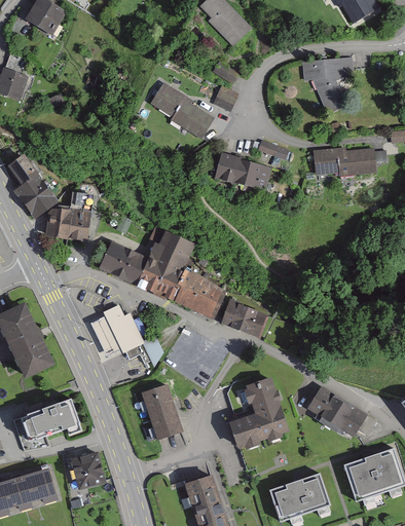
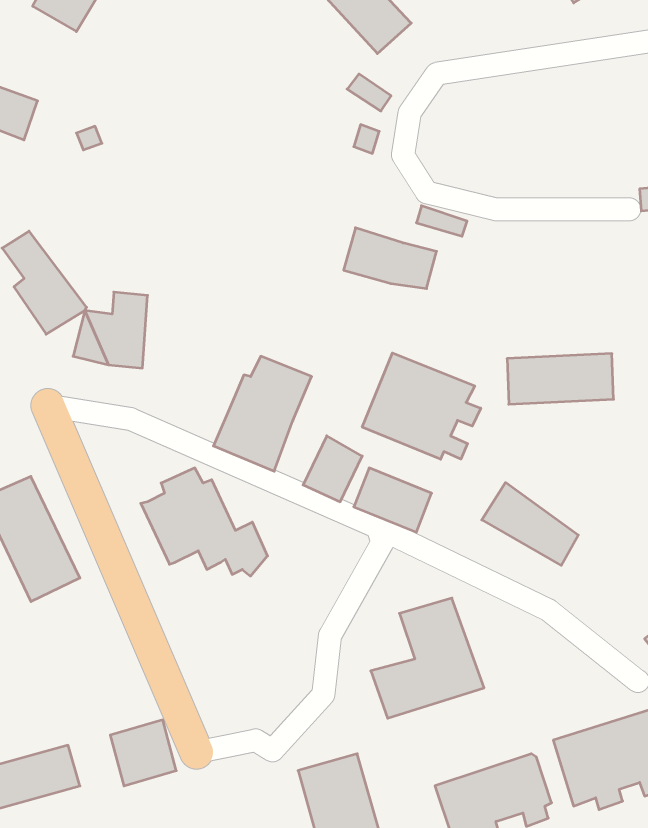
building: [305,54,357,110] -> none
building: [148,81,211,139] -> none
building: [316,148,380,179] -> [507,354,614,404]
building: none -> [362,353,481,459]
building: [101,238,146,286] -> none
building: [171,270,202,309] -> none
building: [142,384,189,441] -> none
building: [311,386,370,437] -> [482,483,578,565]
building: [19,401,80,443] -> none

